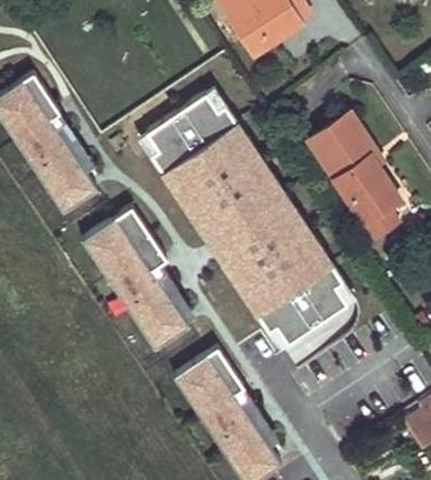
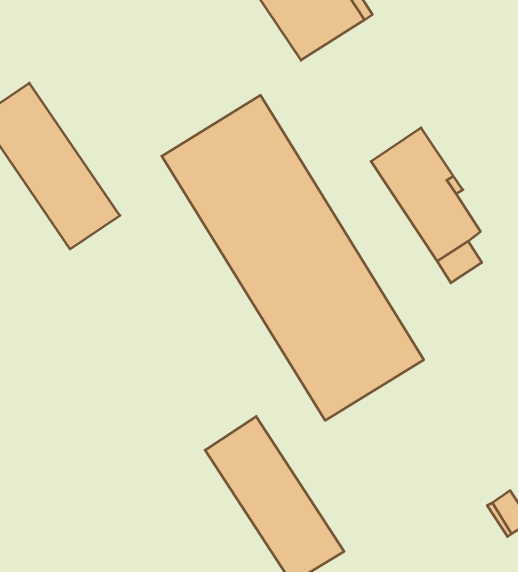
building: [86,209,196,349] -> none

